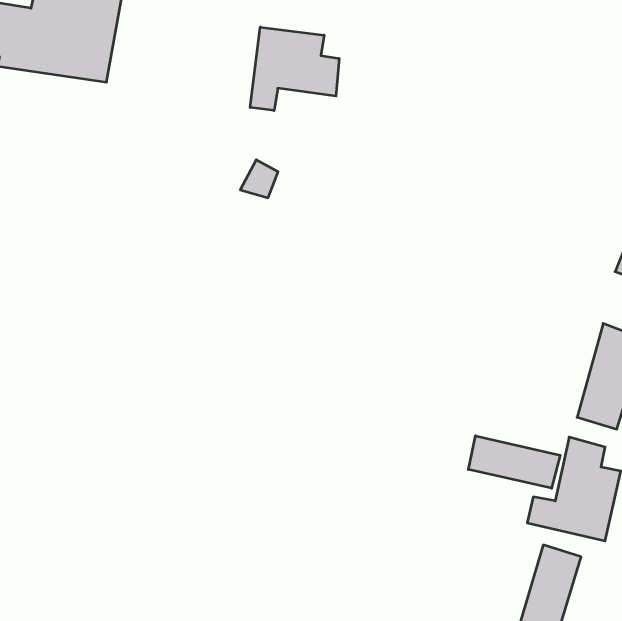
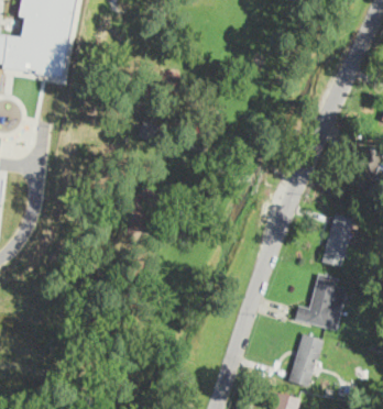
building: [250,27,339,111] -> none
building: [468,436,560,488] -> none

